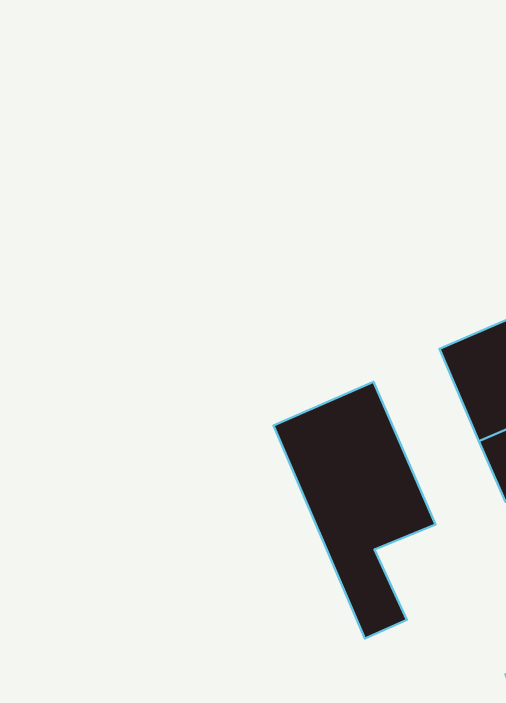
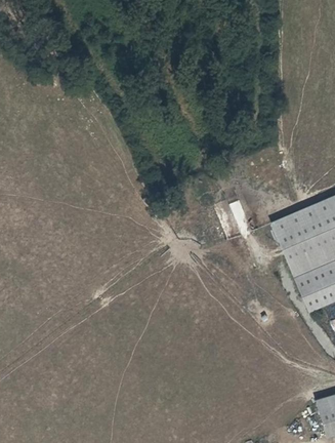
building: [274,382,435,639] -> none

